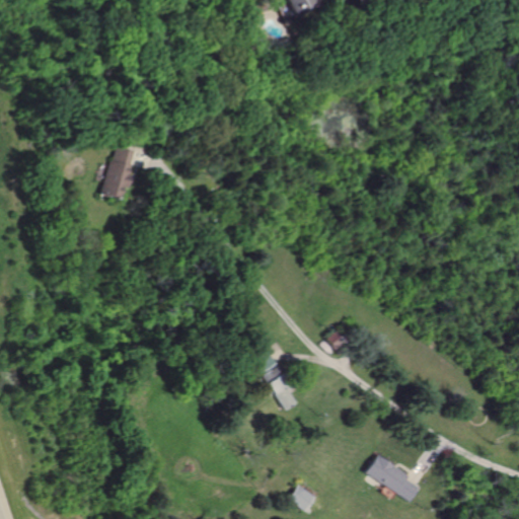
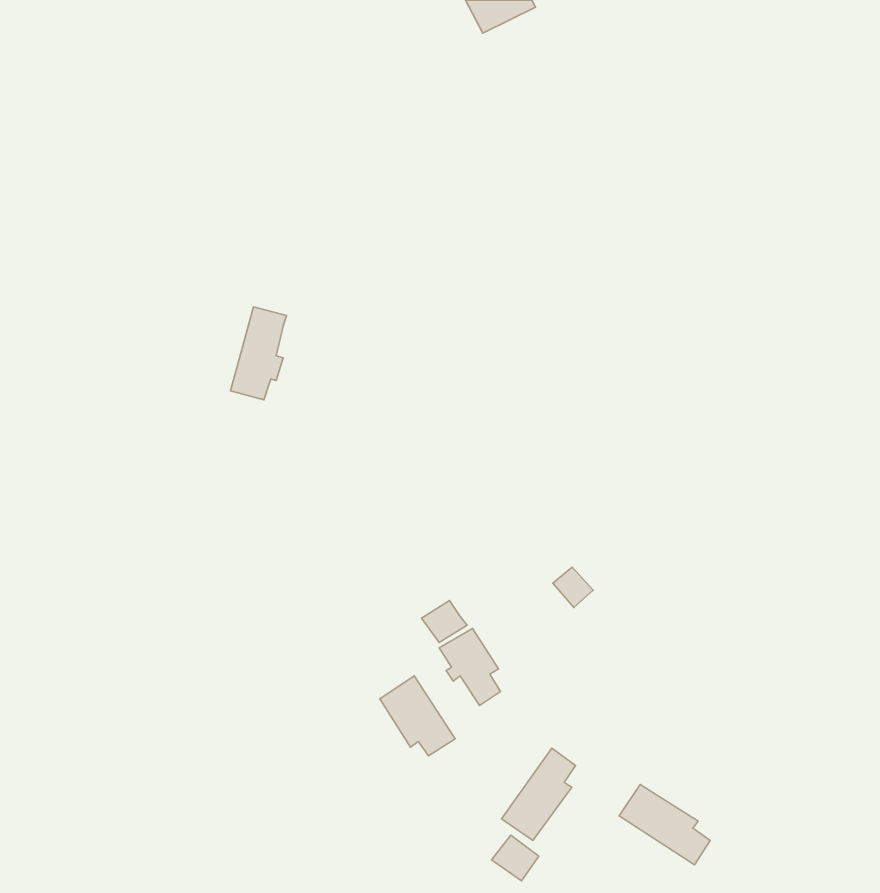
building: [99,145,132,199] -> [231,307,287,400]
building: none -> [380,676,455,756]
building: none -> [501,748,576,841]

